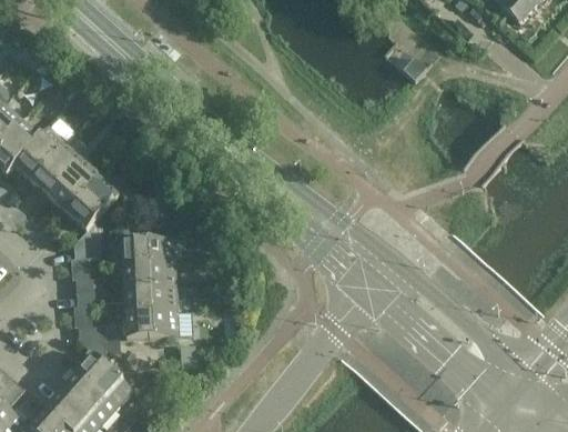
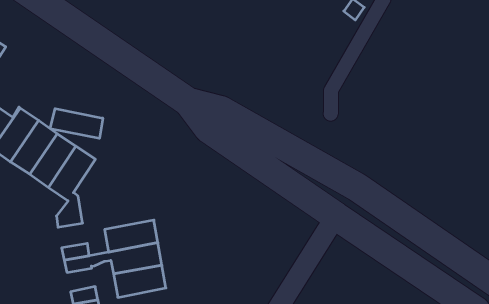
building: none -> [50,109,103,138]
building: [120,238,174,265] -> none

